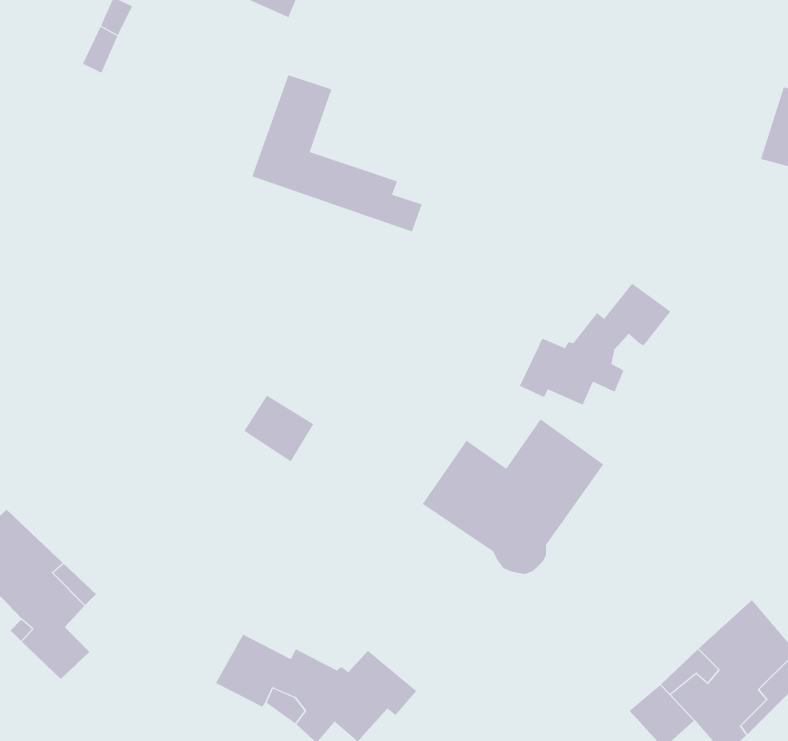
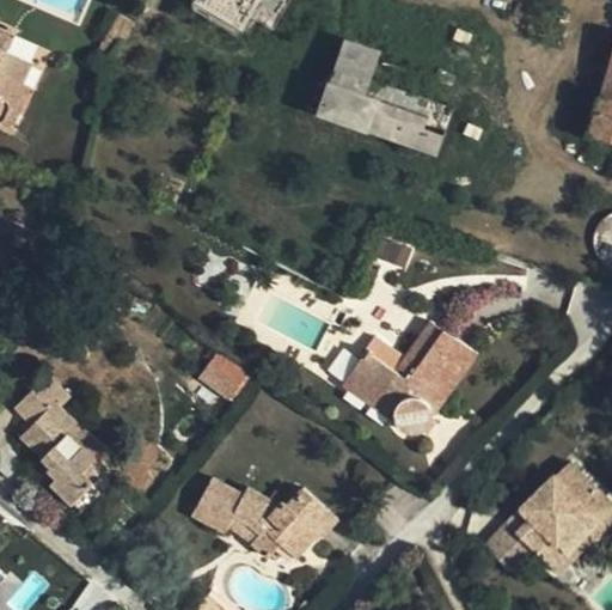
building: [252,75,422,232] -> [320,38,445,153]
building: [519,283,671,405] -> none
building: [243,395,314,462] -> [196,353,247,402]

